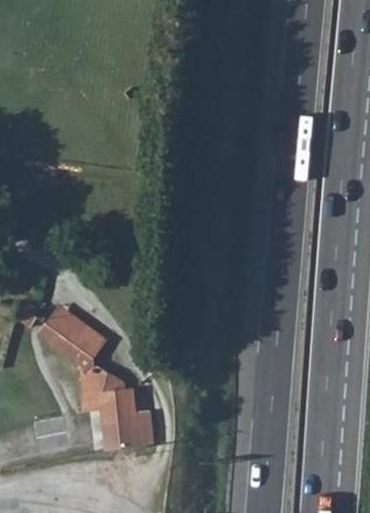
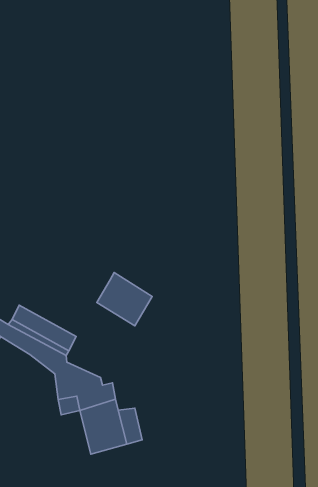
building: none -> [97,273,152,326]

